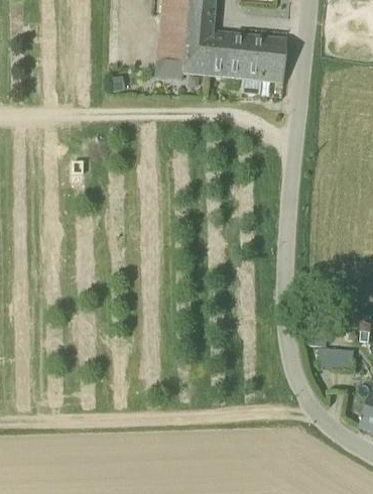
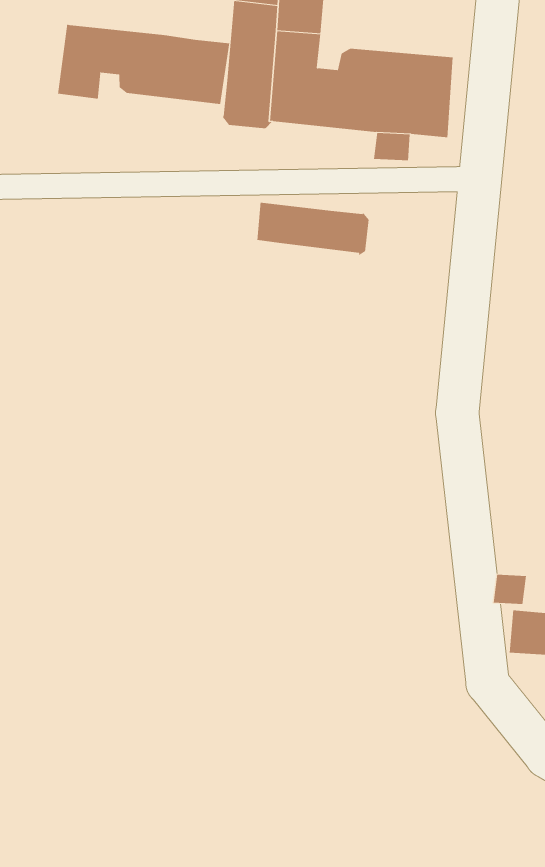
building: none -> [58,24,230,105]
building: none -> [257,202,369,257]

